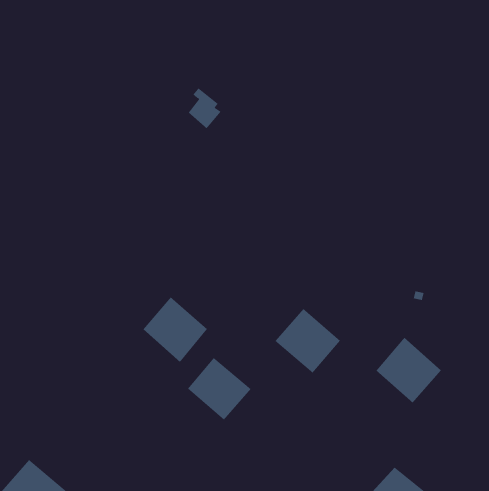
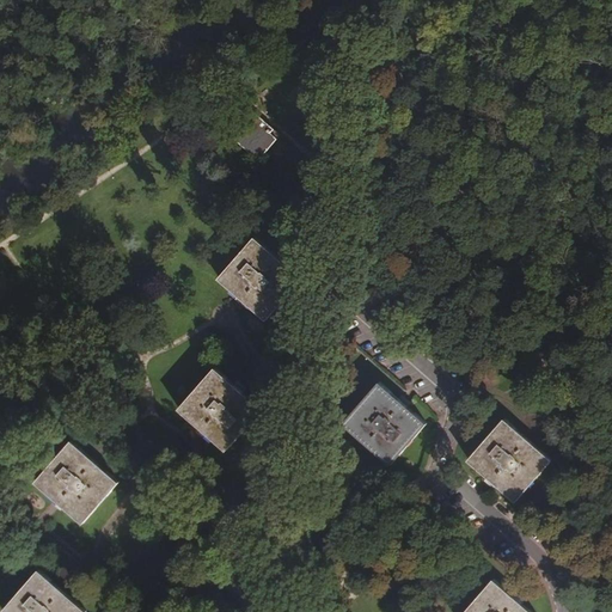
building: none -> [216,239,299,320]
building: none -> [33,442,116,525]
building: [187,357,251,421] -> none

